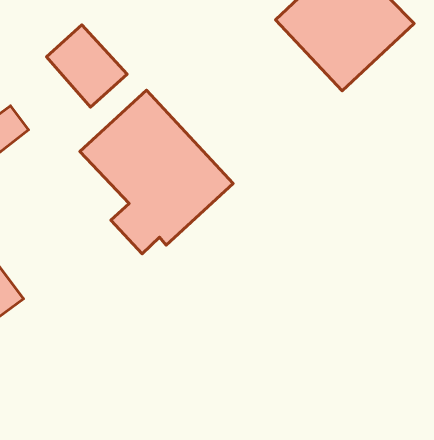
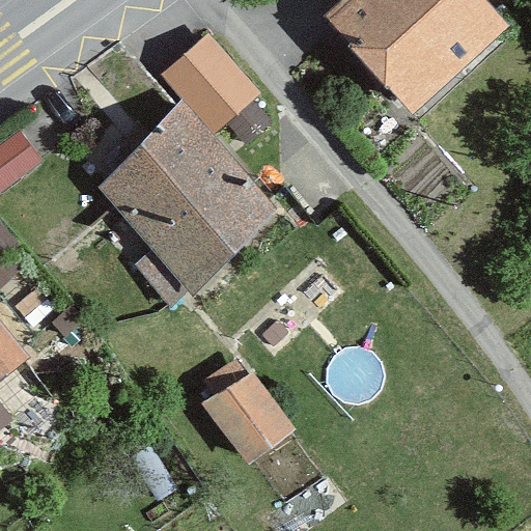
building: [46,25,127,107] -> [161,31,257,130]
building: none -> [202,369,297,466]

